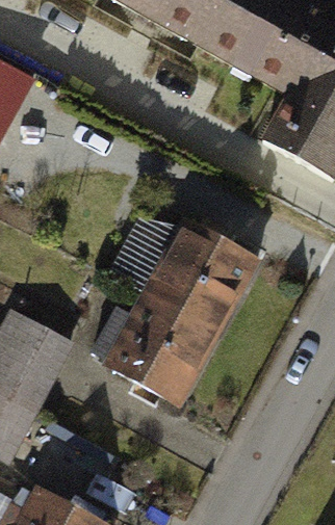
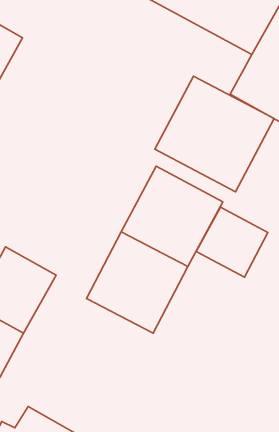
building: none -> [155,76,274,192]
building: none -> [196,207,268,277]

